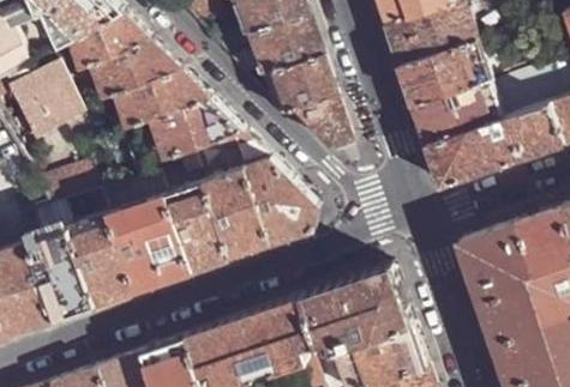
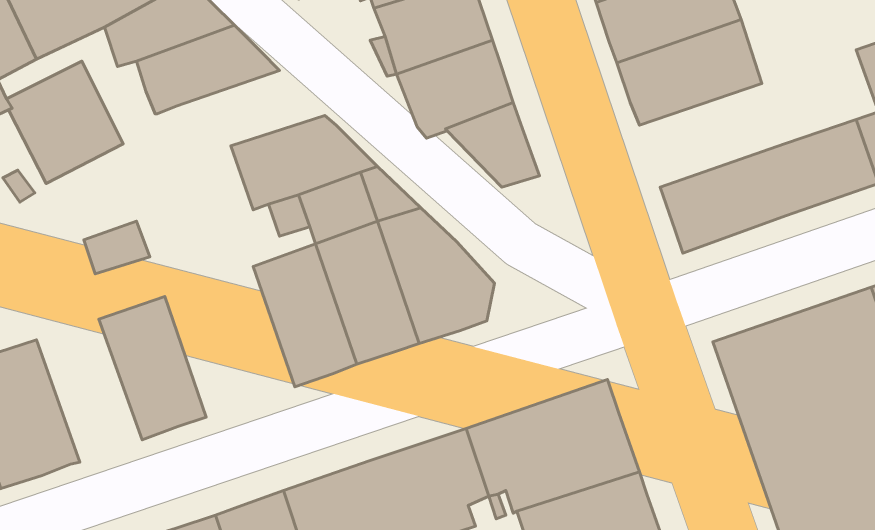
building: [118,71,212,127] -> none
building: [413,79,505,145] -> none
building: [110,195,193,291] -> none
building: [29,229,96,320] -> none

